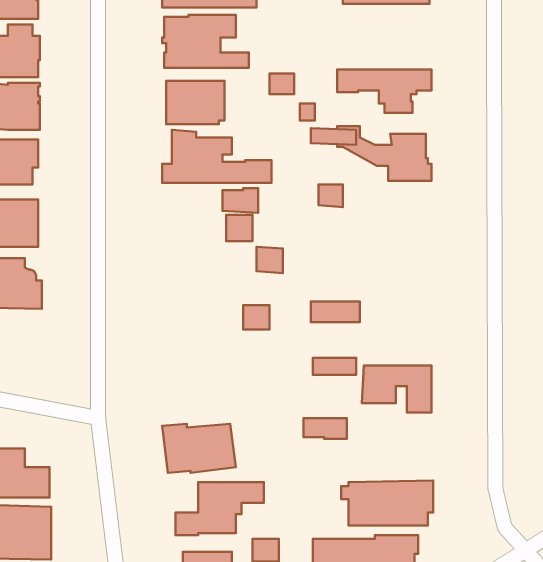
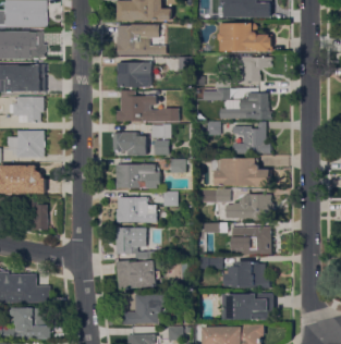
building: none -> [216,23,273,52]
building: none -> [233,122,271,153]
building: none -> [114,132,147,155]
building: none -> [216,158,272,185]
building: none -> [117,163,161,188]
building: none -> [226,194,275,219]
building: none -> [119,197,158,222]
building: none -> [32,204,49,230]
building: none -> [117,226,156,259]
building: none -> [224,260,271,288]

